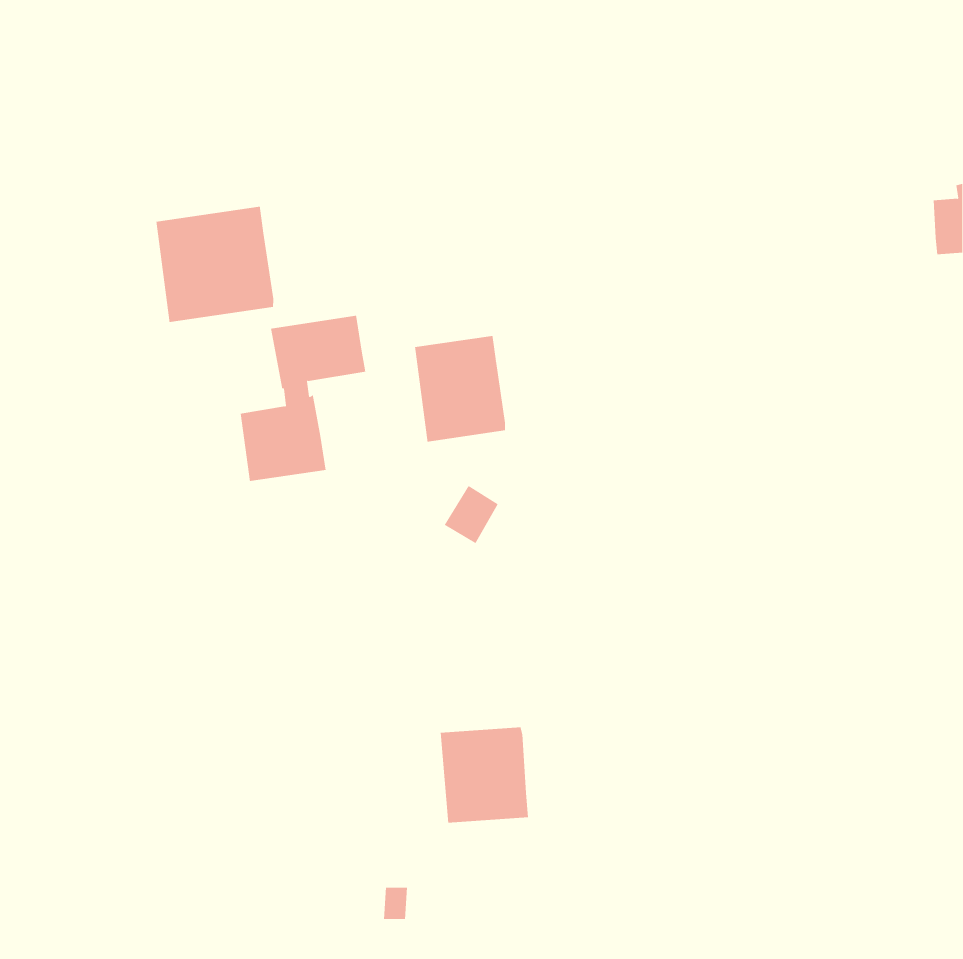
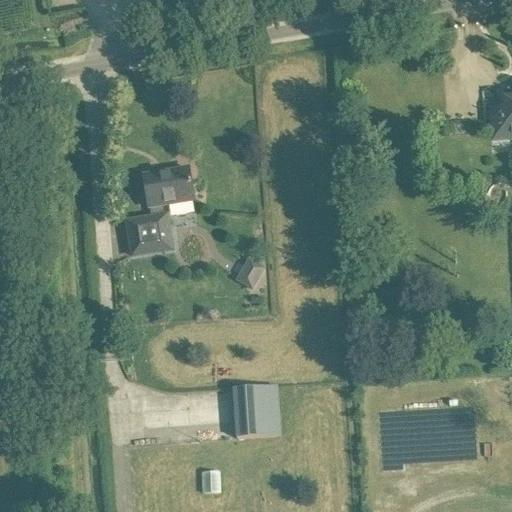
building: [156,206,274,323] -> none
building: [414,335,506,442] -> none

